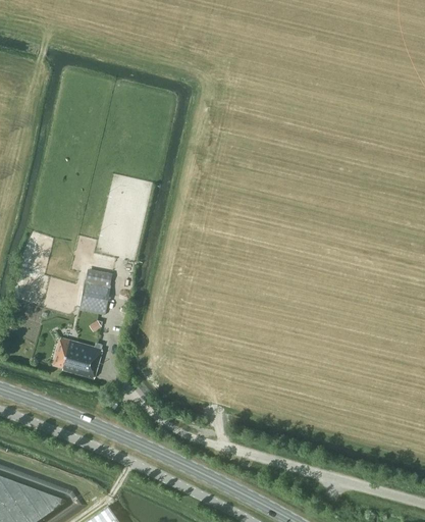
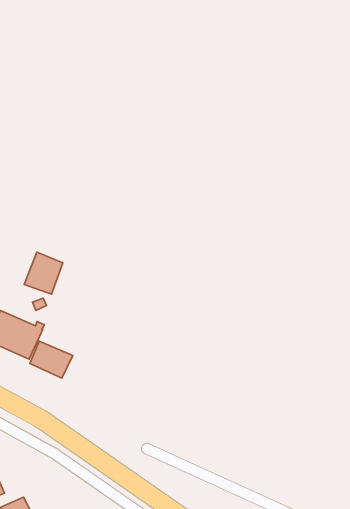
building: none -> [30,341,73,378]

